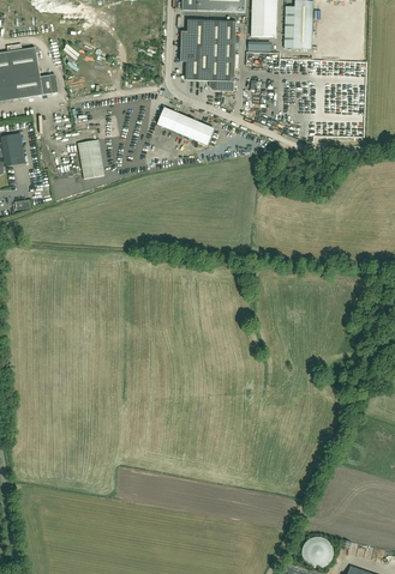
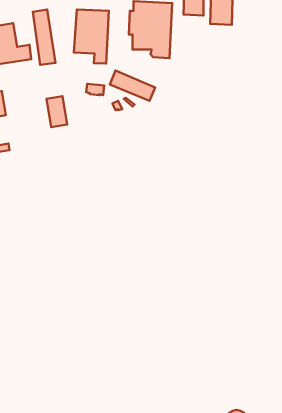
building: none -> [74,9,109,64]
building: none -> [33,10,55,65]

